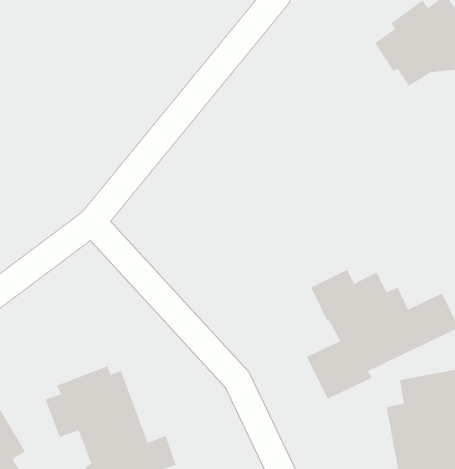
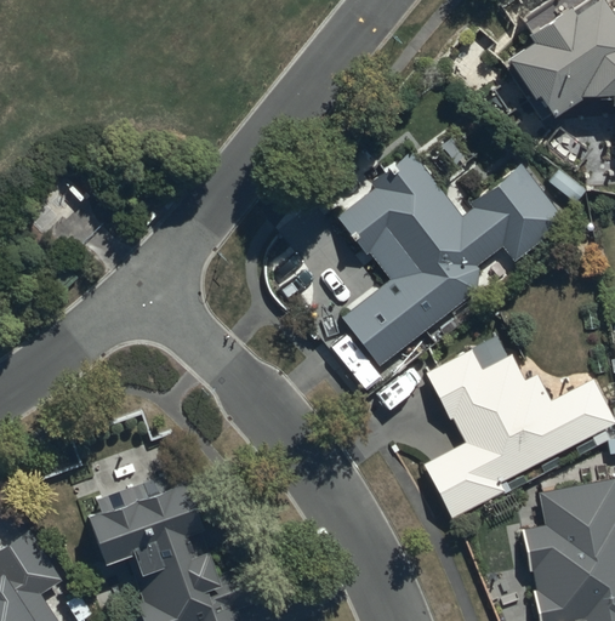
building: none -> [337,152,564,368]

